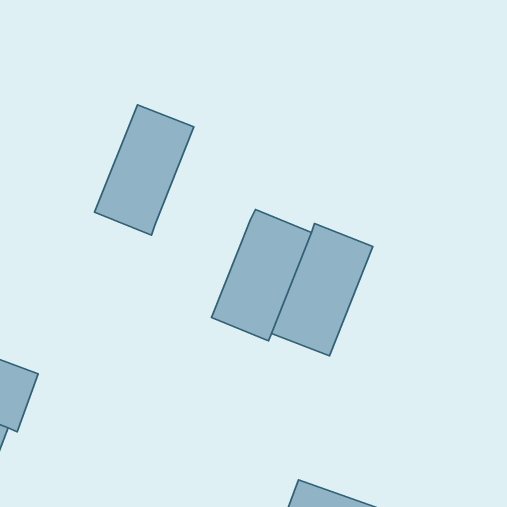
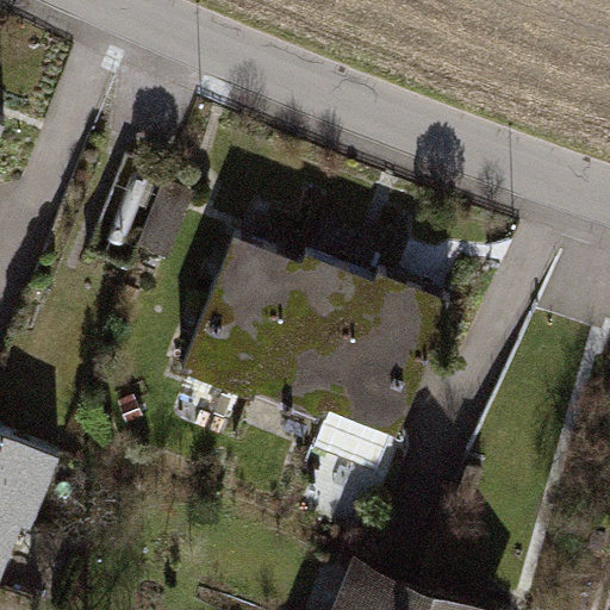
building: [95,105,194,235] -> [180,241,298,396]

